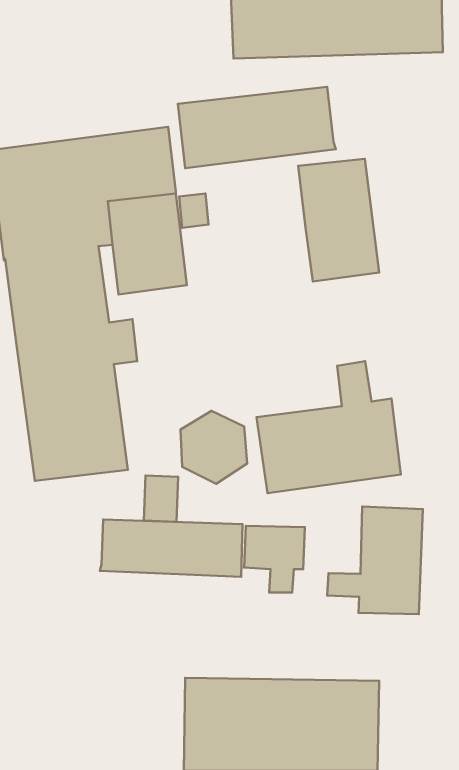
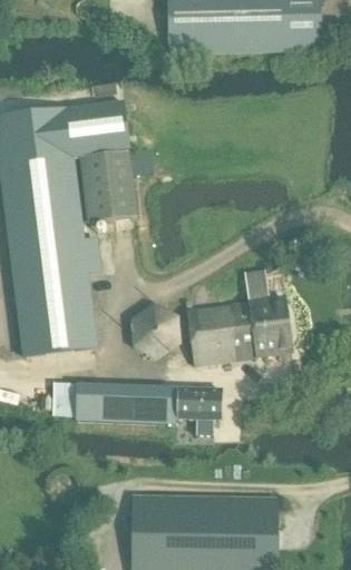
building: [178,87,336,168] -> none
building: [298,159,379,281] -> none
building: [144,475,178,522] -> [51,382,76,415]
building: [327,507,423,614] -> none

